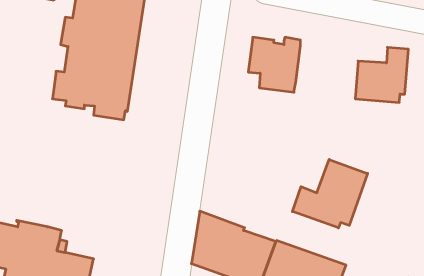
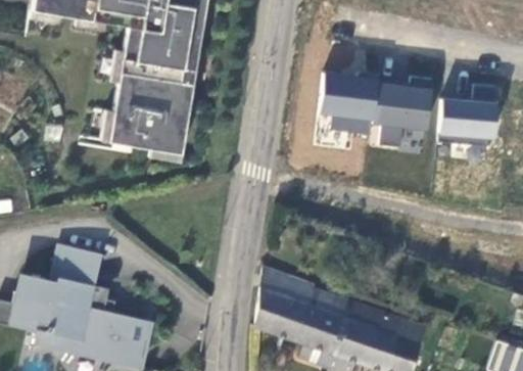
building: none -> [372,77,433,148]
building: [292,159,368,228] -> none
building: none -> [60,247,102,285]

